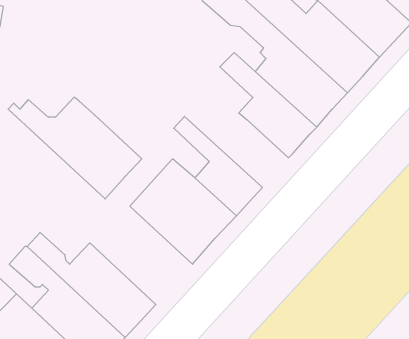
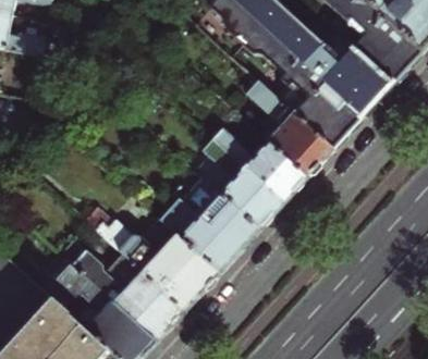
building: [8,97,142,199] -> [97,220,220,313]
building: none -> [212,129,308,206]

